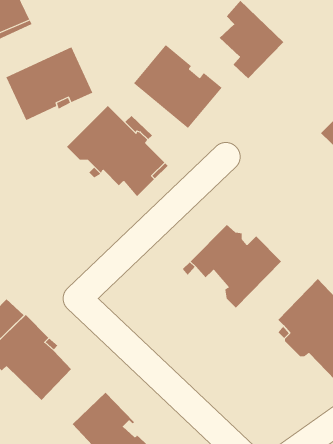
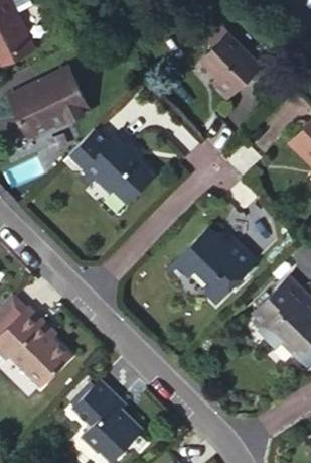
building: [133,44,222,129] -> none

